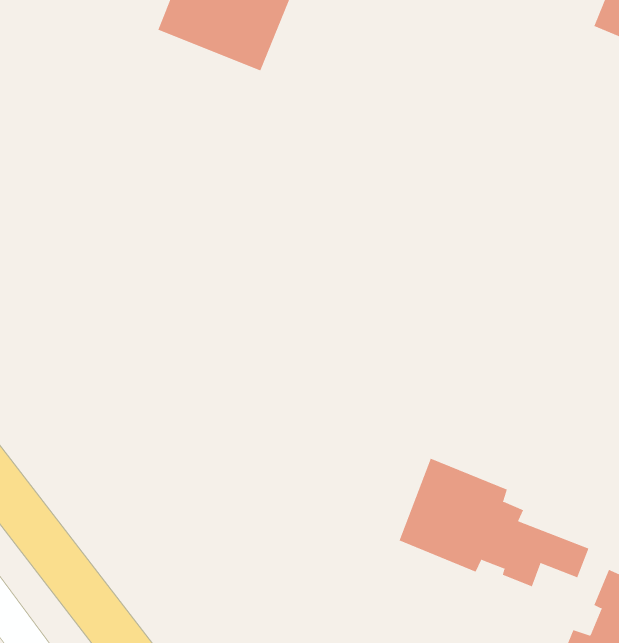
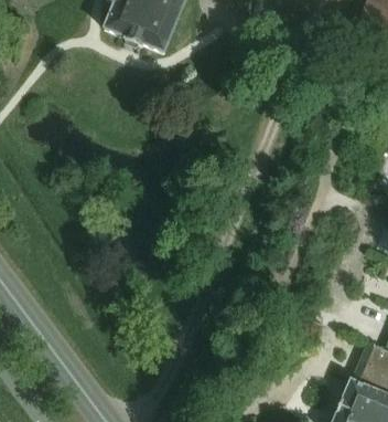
building: [399,458,589,587] -> none

